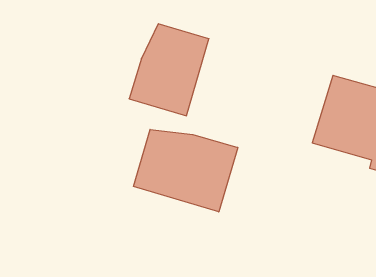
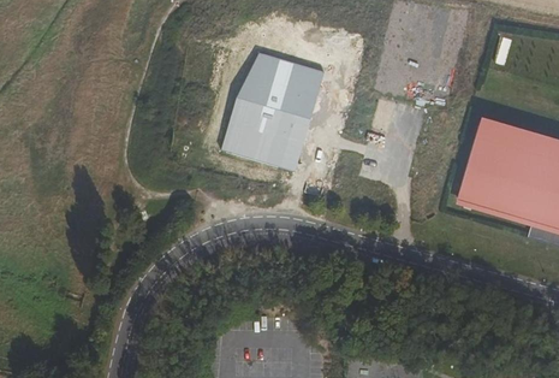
building: [133,129,238,212] -> none

